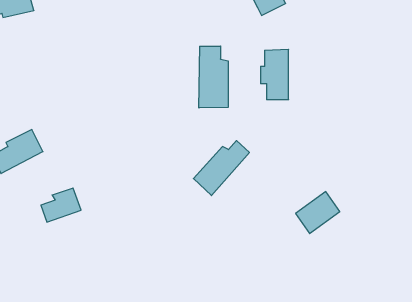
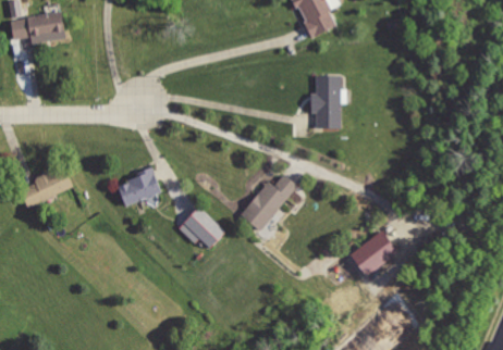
building: [199,46,228,108] -> none
building: none -> [177,205,224,247]
building: [41,188,81,222] -> [118,166,161,203]

